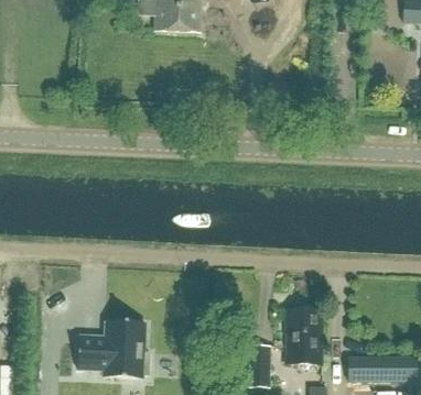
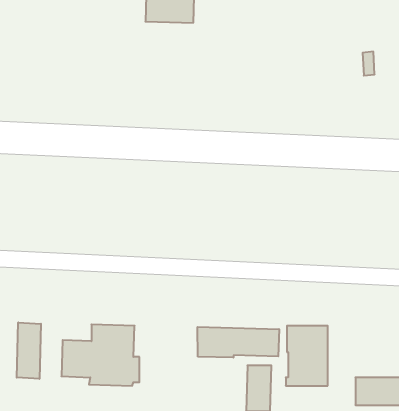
building: none -> [17,322,41,379]
building: none -> [198,327,279,358]

